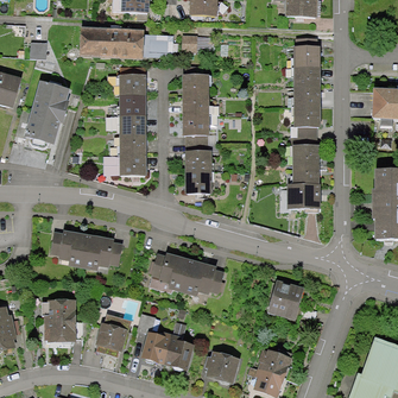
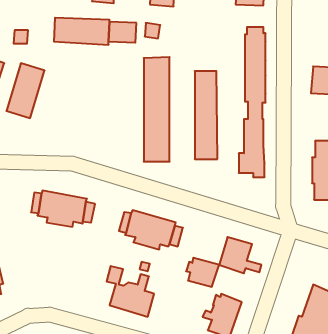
building: [116,76,143,177] -> [195,71,217,159]
building: [42,298,76,341] -> none
building: [93,318,129,354] -> none
building: [202,353,240,386] -> [186,258,219,287]

